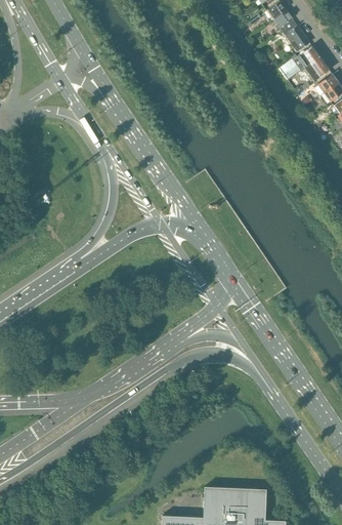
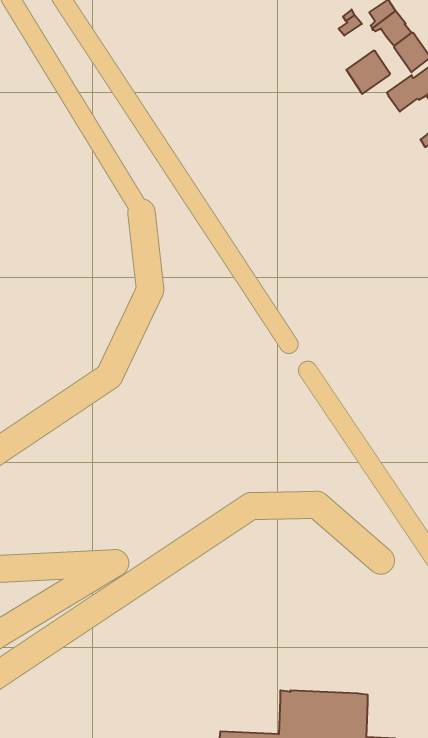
building: none -> [346,50,390,94]

